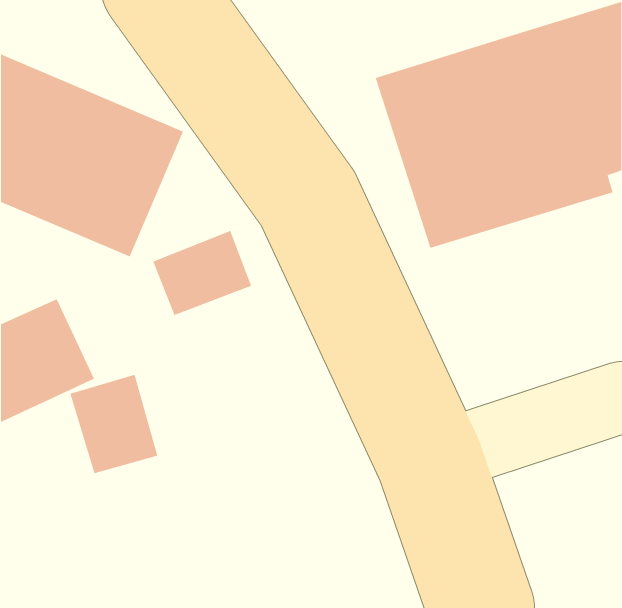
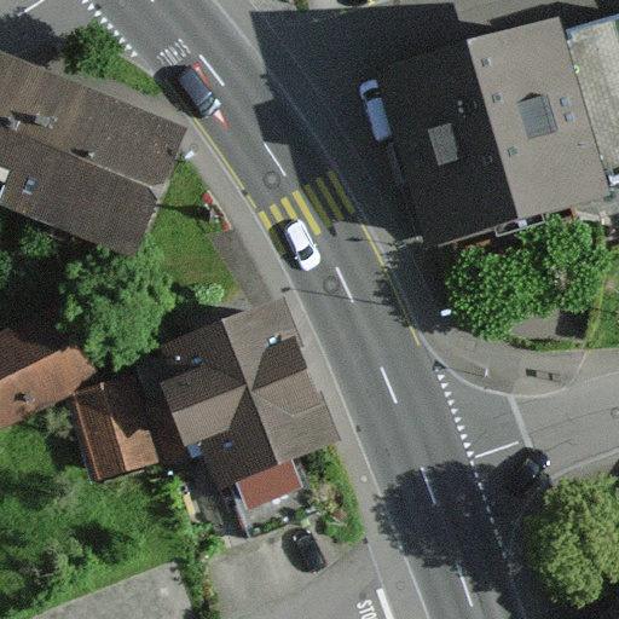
building: [152,230,252,316] -> none
building: none -> [139,303,332,530]

